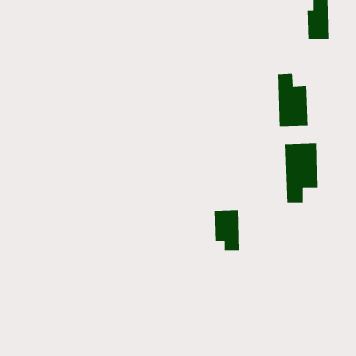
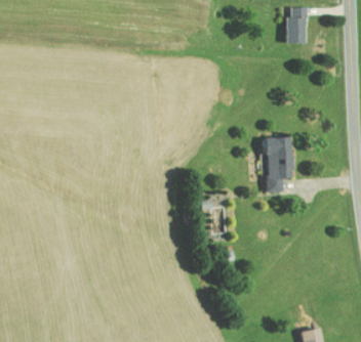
building: [277,73,308,127] -> none

